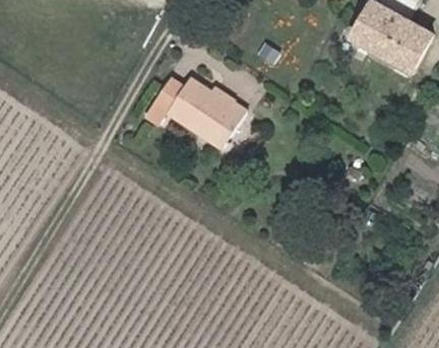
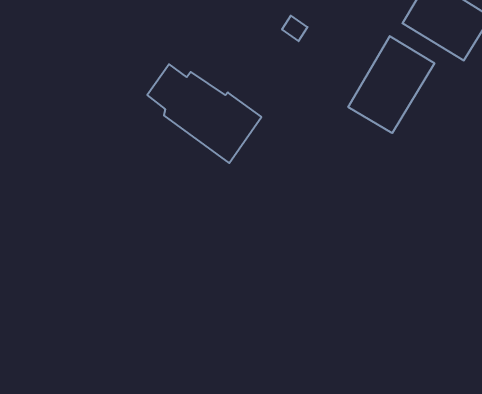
building: none -> [348,36,434,133]

